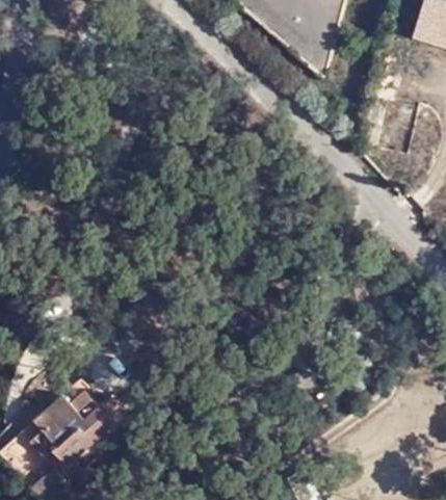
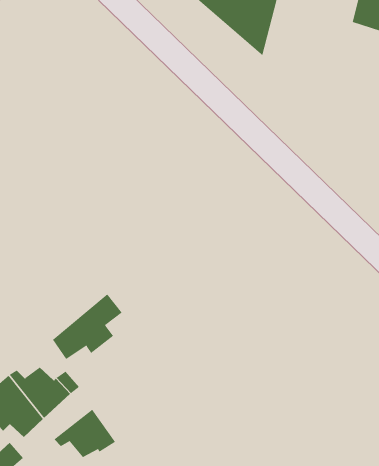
building: none -> [52,294,122,360]
building: none -> [54,409,116,458]

